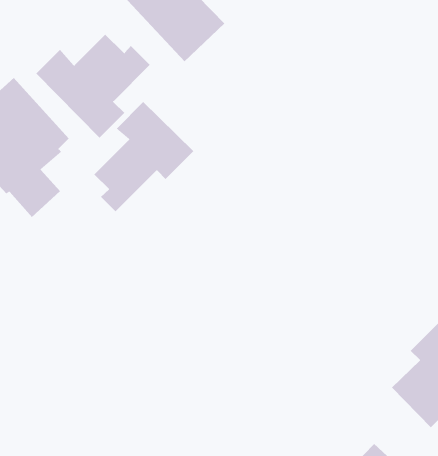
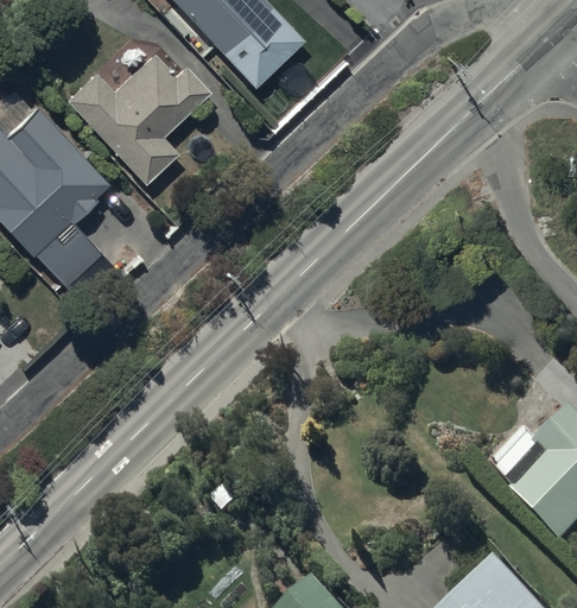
building: [94,101,194,212] -> none

